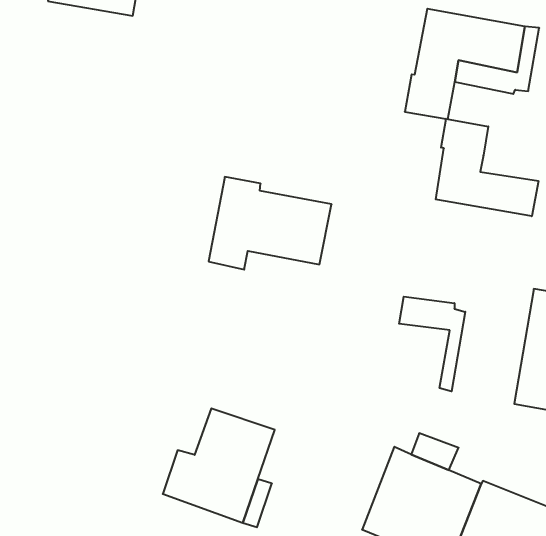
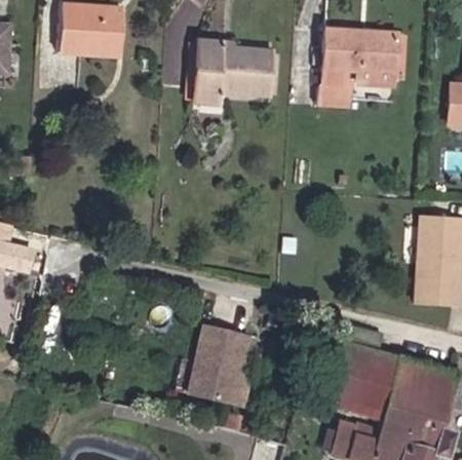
building: [436,119,538,216] -> none
building: [209,177,332,270] -> [194,41,276,105]
building: [399,297,465,391] -> none

